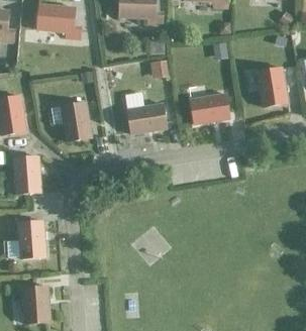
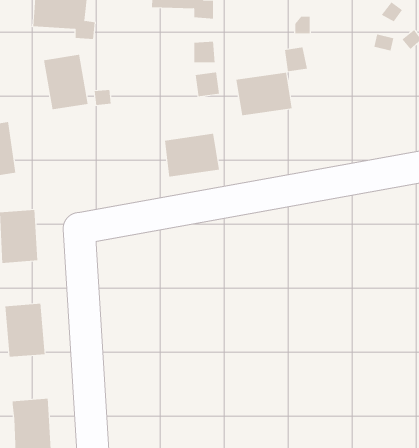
building: [257,67,287,106] -> none
building: [190,93,229,123] -> [236,72,293,116]
building: [60,102,91,140] -> [43,54,89,110]

